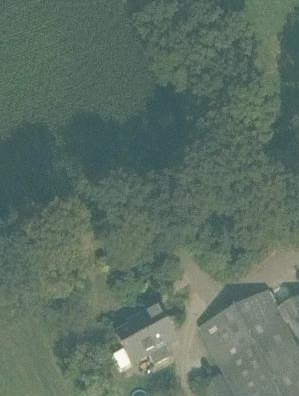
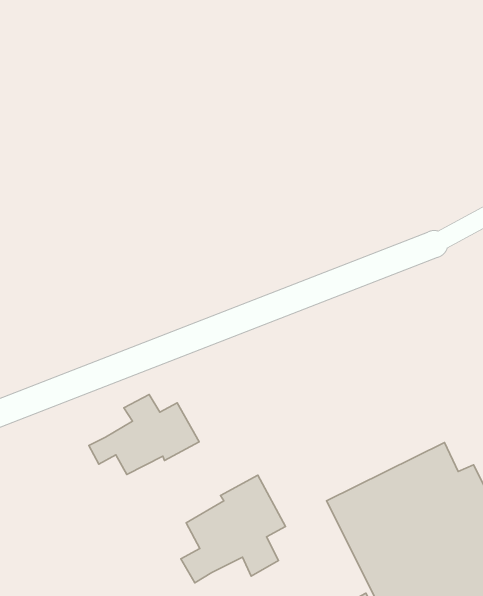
building: none -> [89,394,199,474]

